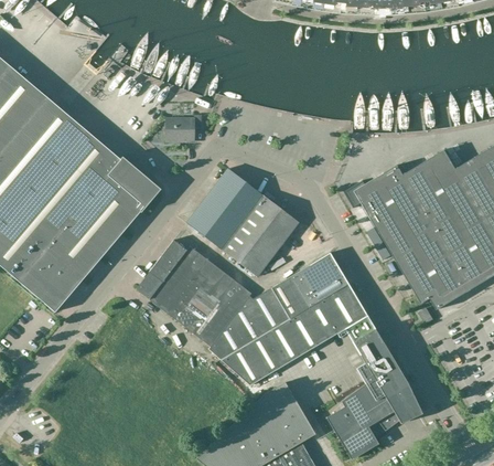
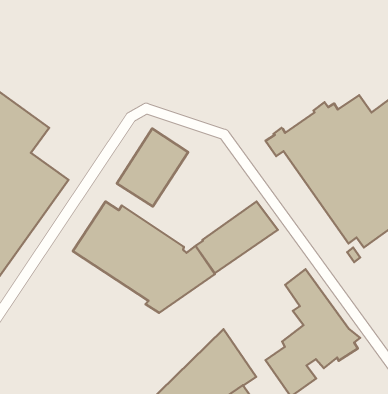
building: [165,114,201,141] -> none
building: [100,158,159,214] -> none
building: [222,195,298,276] -> none
building: [219,283,374,385] -> none

